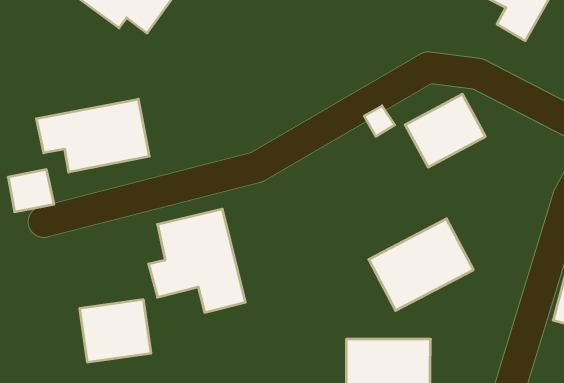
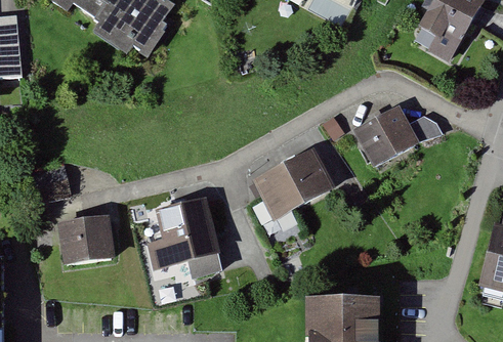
building: [36,99,149,172] -> none
building: [369,219,473,311] -> [252,147,336,221]
building: [80,300,151,362] -> [57,215,115,265]

